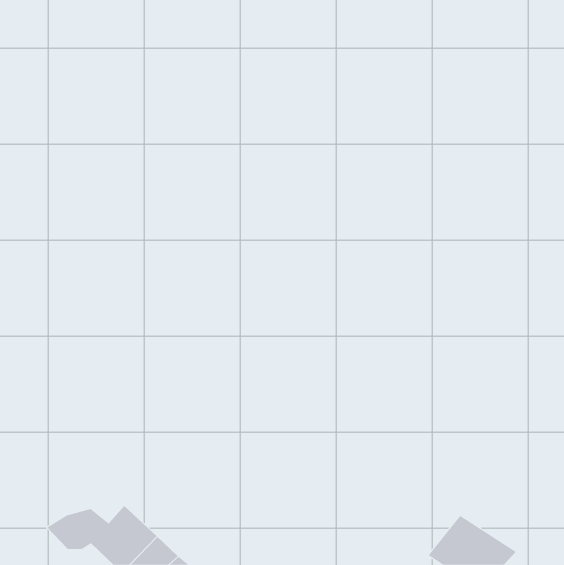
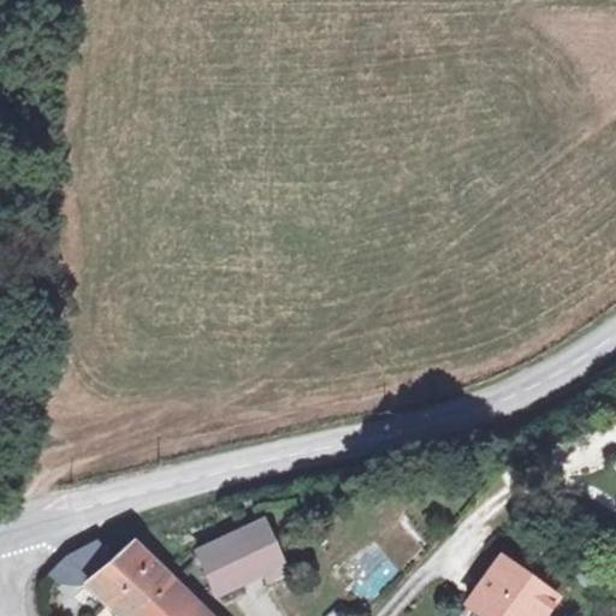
building: none -> [203,529,284,591]

